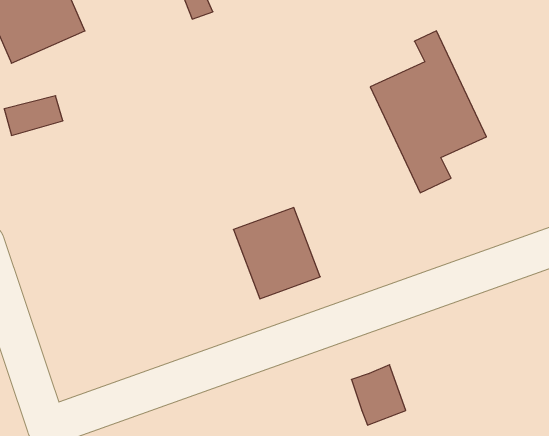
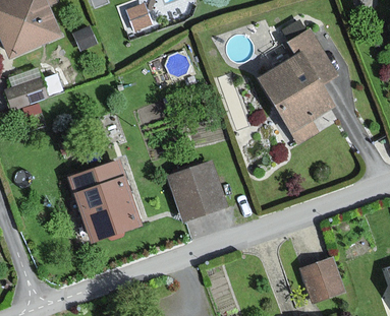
building: none -> [70,162,137,239]
building: [351,365,406,425] -> [302,261,340,303]

